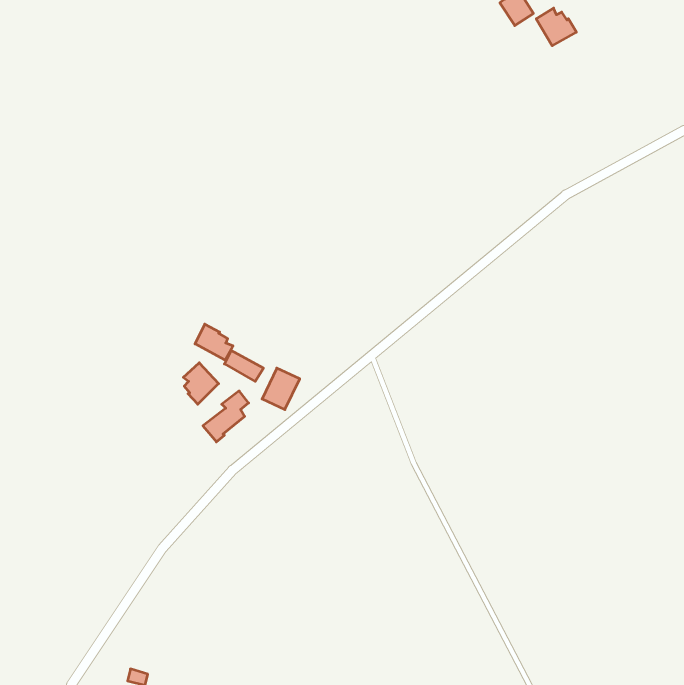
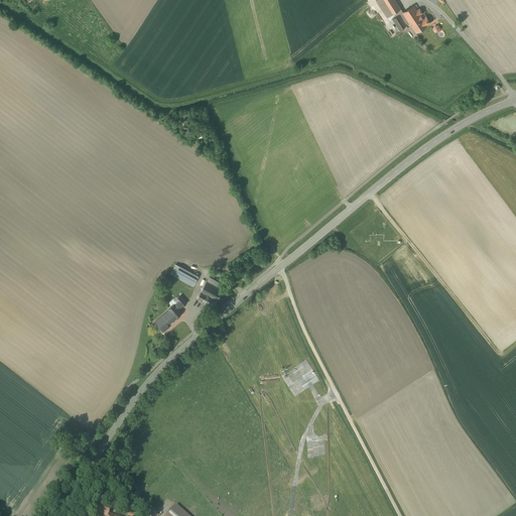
building: [195,324,233,360] -> none
building: [183,363,219,404] -> none

